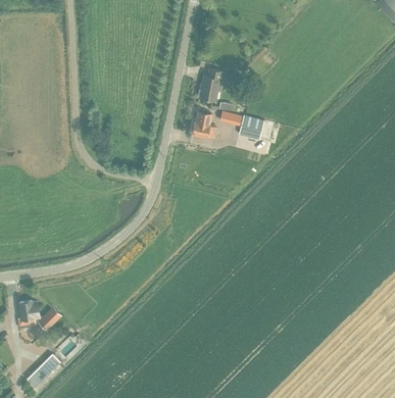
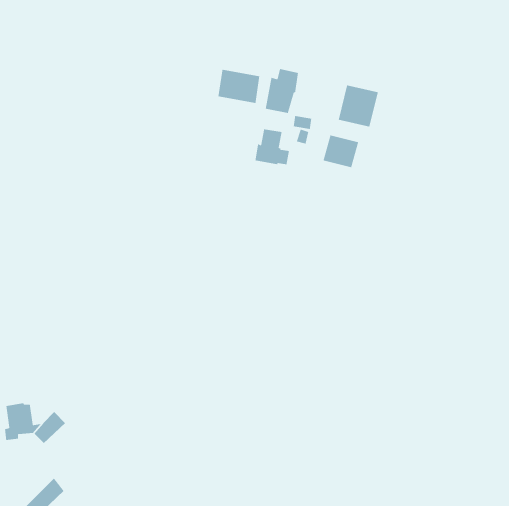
building: none -> [218,69,260,104]
building: none -> [338,85,379,127]

